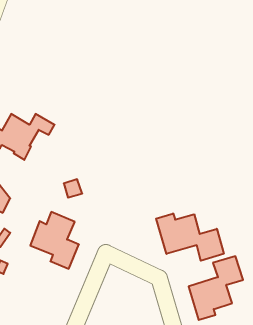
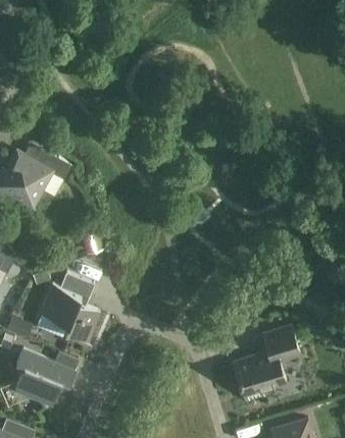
building: [156,213,224,261] -> none
building: none -> [13,349,75,405]

